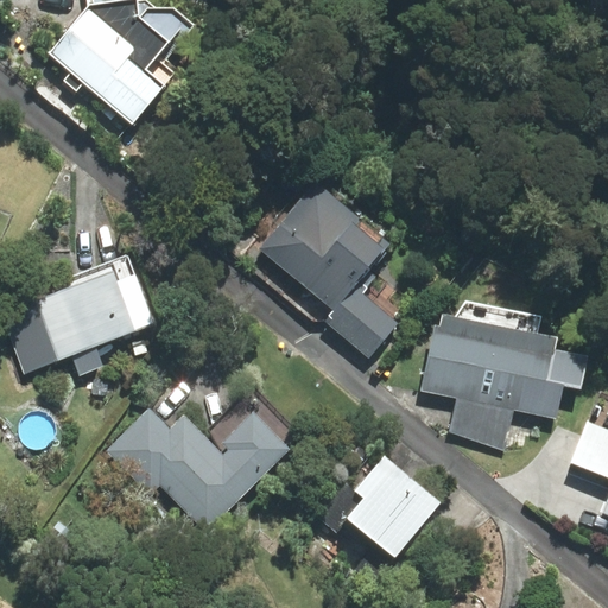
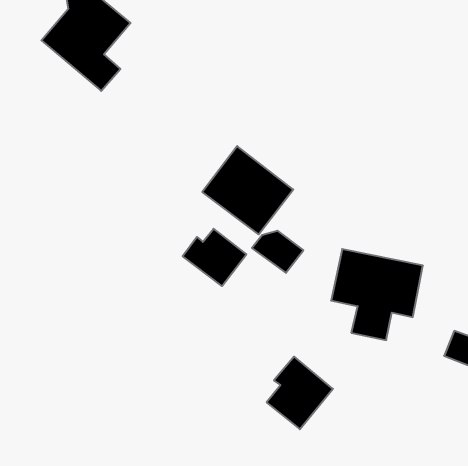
building: [14,276,132,368] -> none
building: none -> [183,229,246,286]
building: [115,414,283,527] -> none

